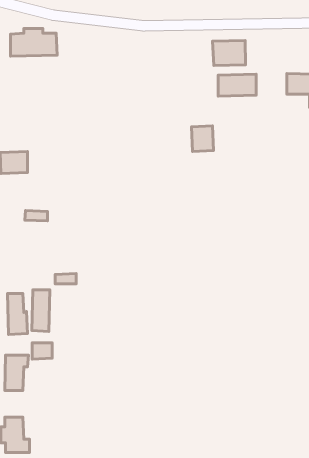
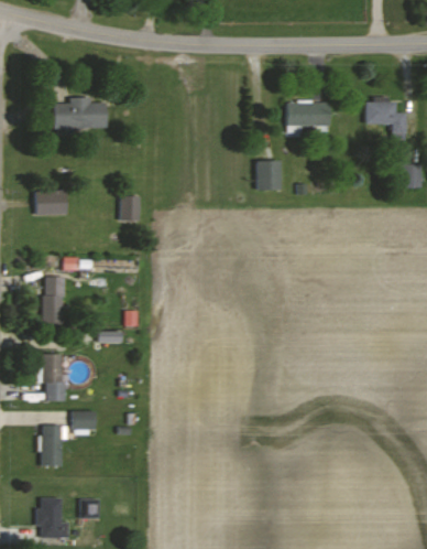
building: [11,29,57,56] -> [53,97,107,129]
building: [212,40,245,66] -> none
building: none -> [120,196,141,222]
building: [32,290,50,332] -> [43,277,64,325]

